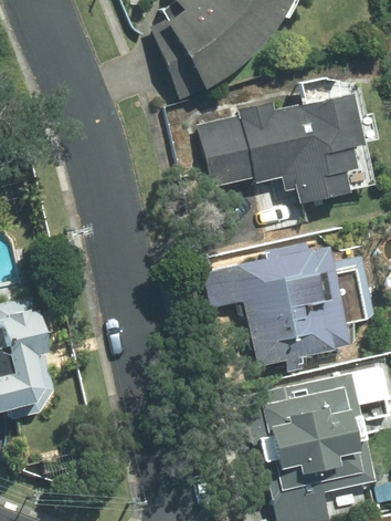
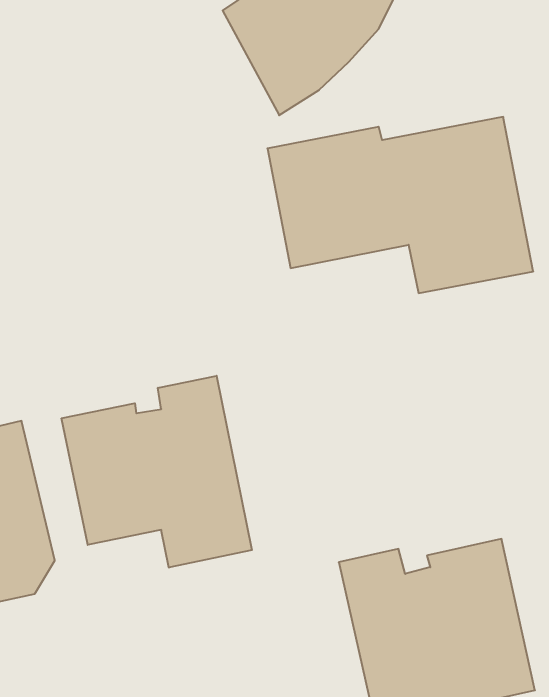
building: [209,241,368,366] -> none
building: none -> [62,376,252,568]

